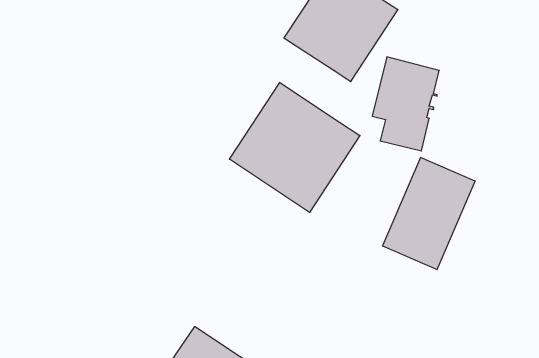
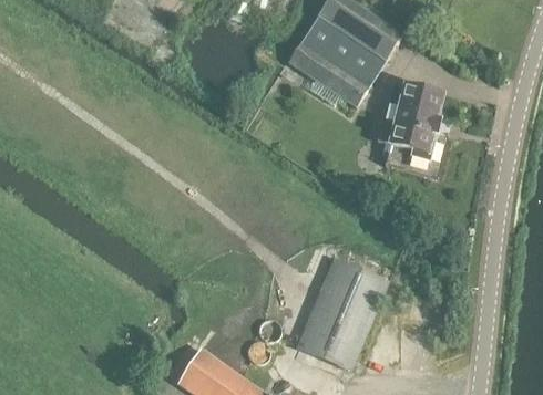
building: [229,82,360,212] -> none
building: [382,158,475,269] -> [296,258,388,368]

